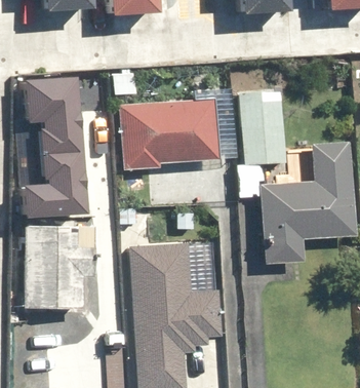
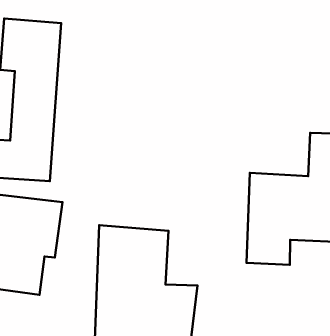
building: [239,88,286,165] -> none
building: [118,98,218,170] -> none

